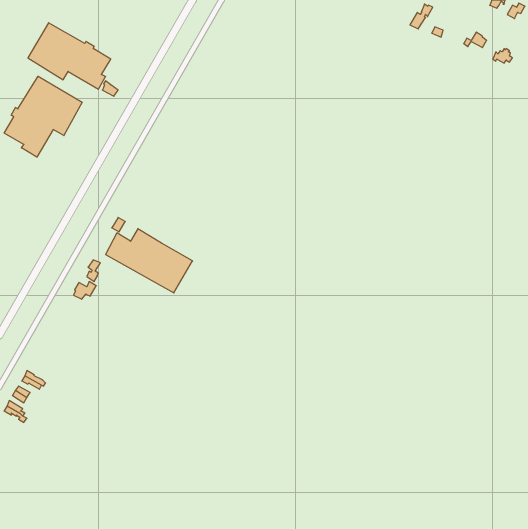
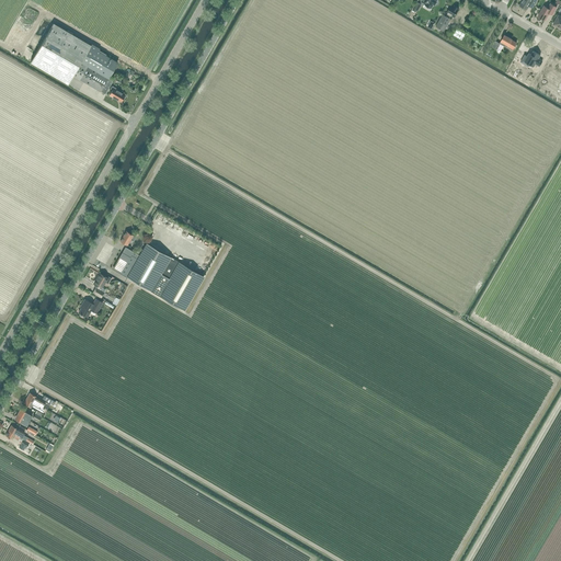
building: [4,76,82,157] -> none

